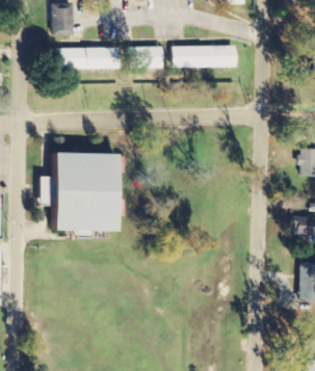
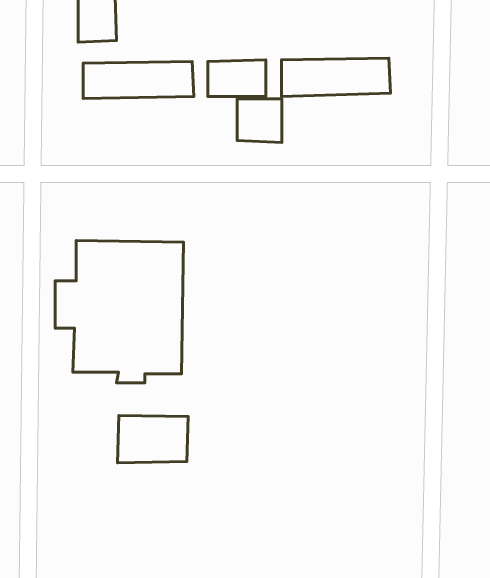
building: none -> [237,99,282,143]
building: none -> [118,416,188,463]

